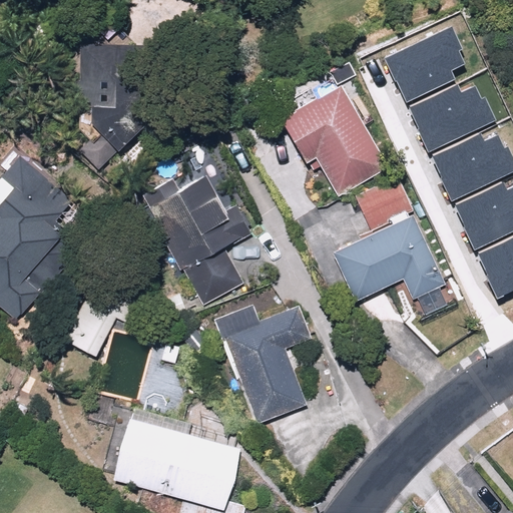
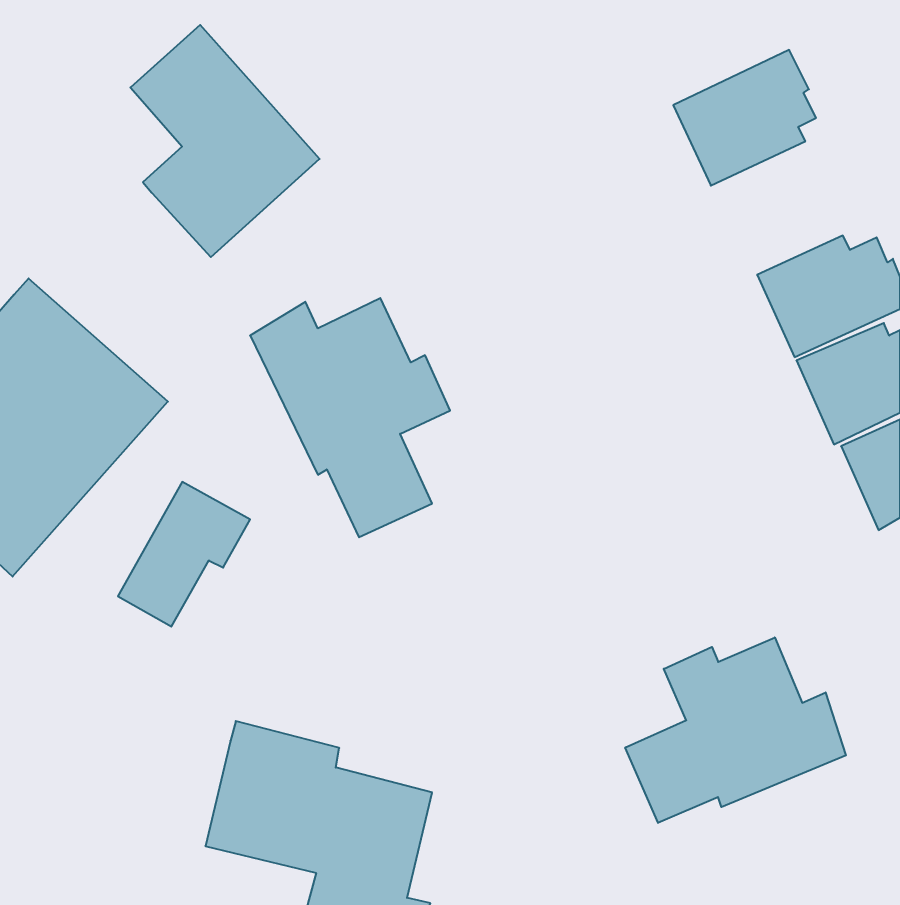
building: [285,81,387,191] -> none
building: [402,88,489,156] -> none
building: [334,177,444,302] -> none
building: [219,305,313,425] -> none
building: none -> [625,637,846,823]

